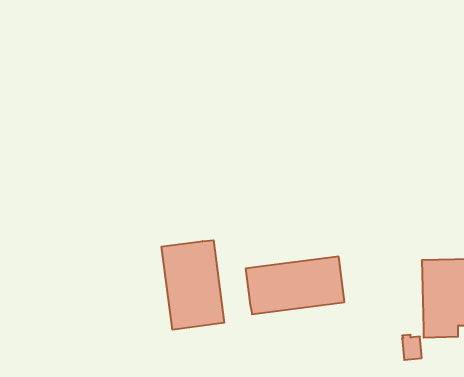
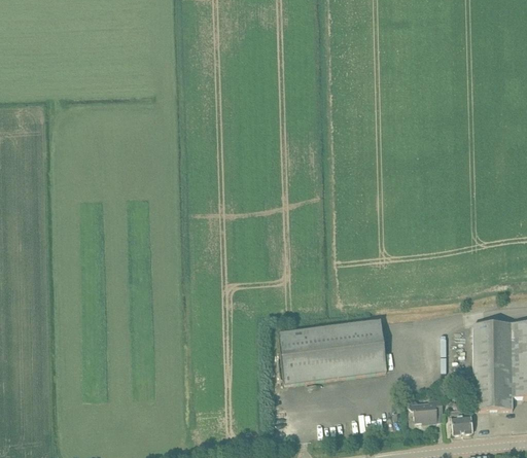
building: [162,240,224,330] -> none
building: none -> [409,398,443,421]

